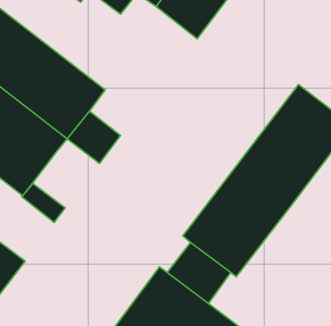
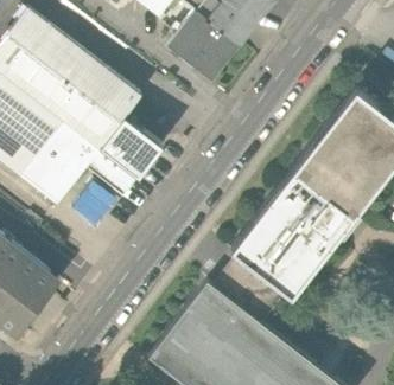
building: none -> [173,8,246,78]
building: [22,183,65,222] -> [95,149,141,191]

